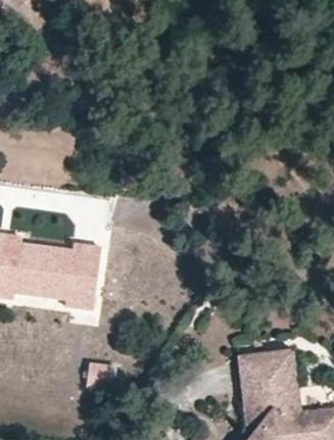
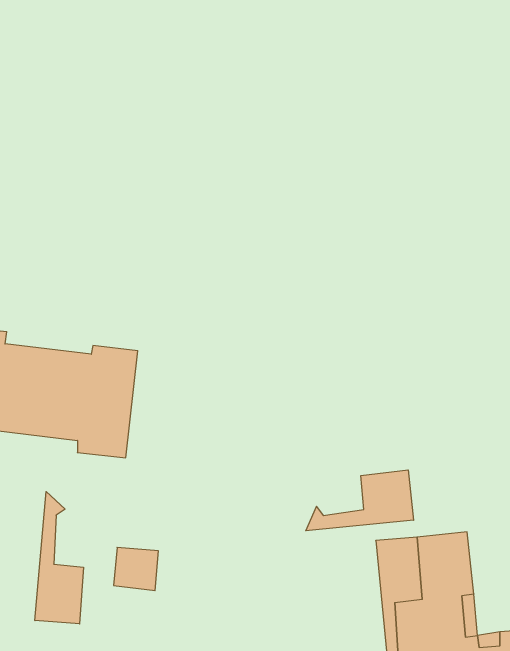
building: none -> [306,470,414,531]
building: none -> [35,492,83,624]

